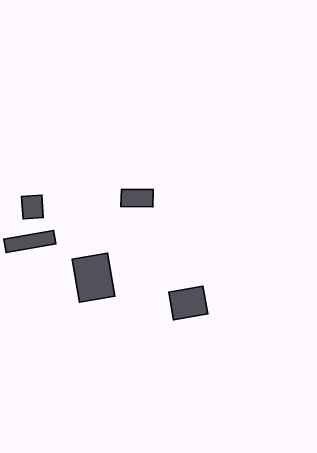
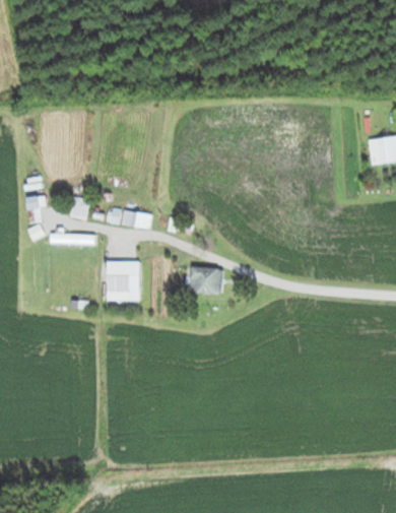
building: [121,189,153,207] -> [120,209,151,230]
building: [169,286,208,320] -> [190,268,221,294]

